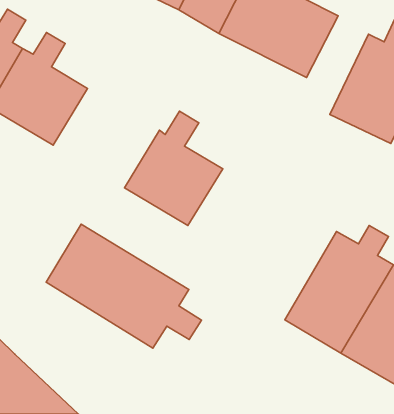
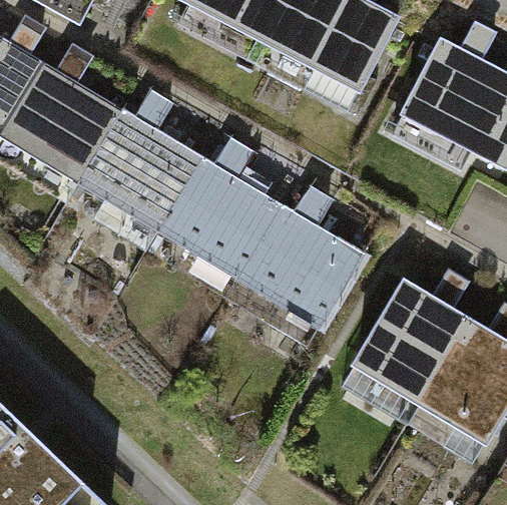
building: none -> [72,90,199,228]
building: none -> [233,184,358,324]
building: [46,224,202,348] -> none

